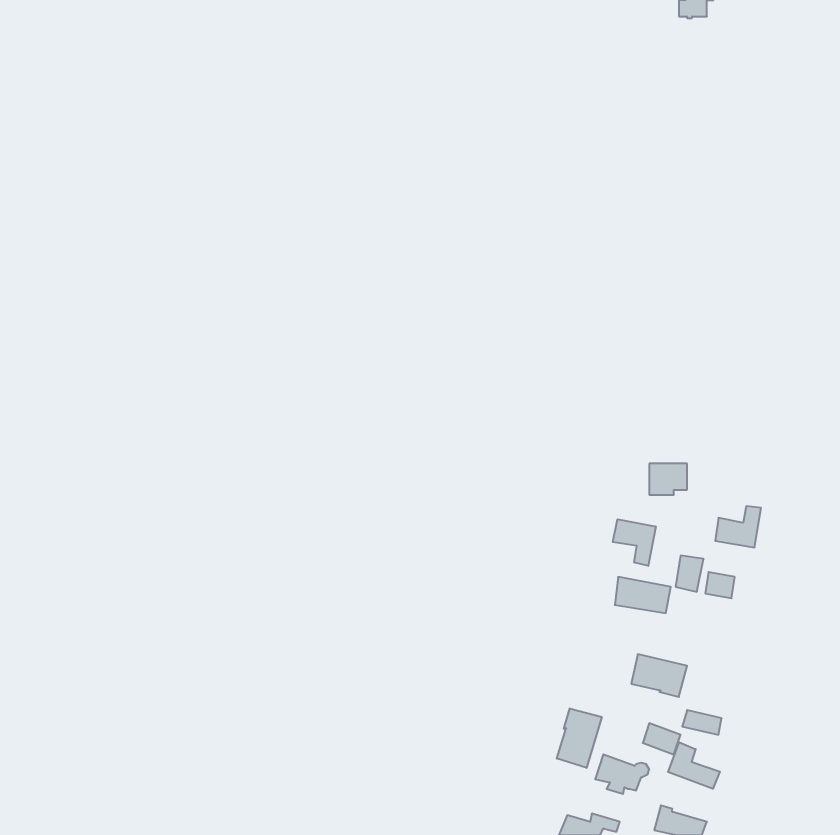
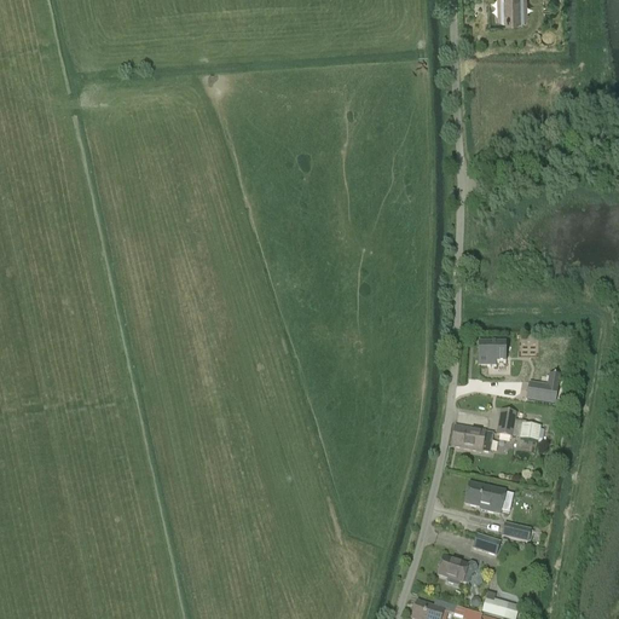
building: [613,519,656,566] -> none
building: [557,708,602,768] -> none
building: [668,742,720,789] -> none

